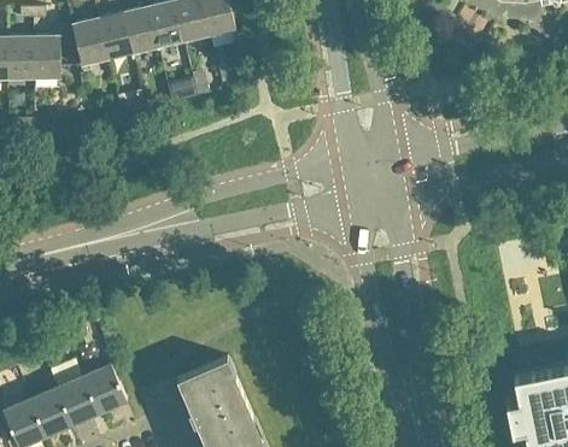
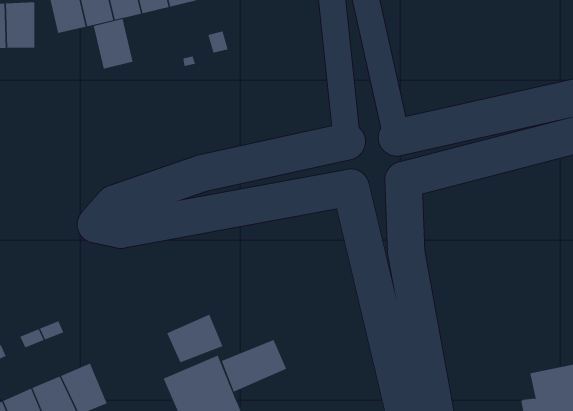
building: none -> [93,18,133,69]
building: none -> [166,314,223,363]
building: none -> [221,339,287,393]

